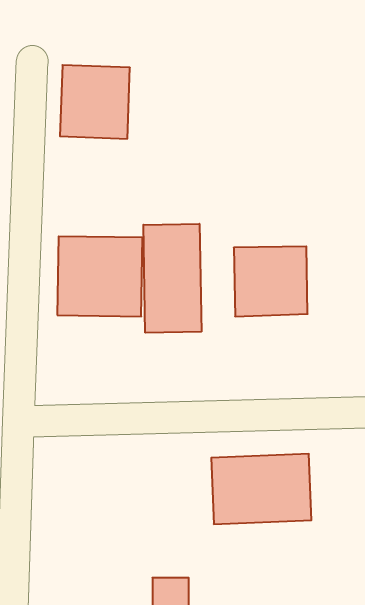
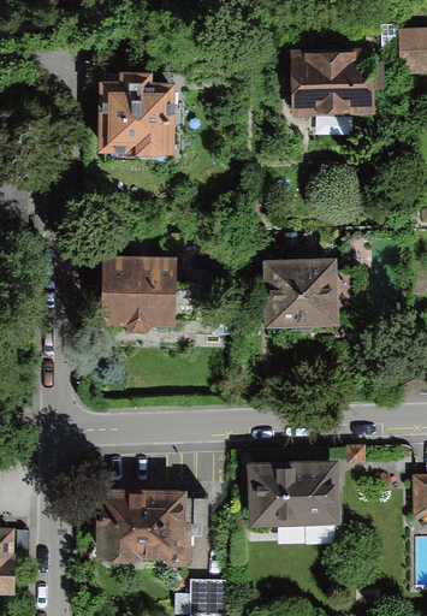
building: none -> [287,46,375,117]
building: [143,224,201,333] -> none
building: none -> [99,486,190,564]

